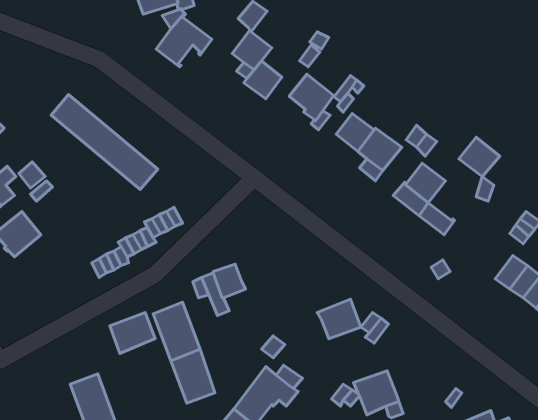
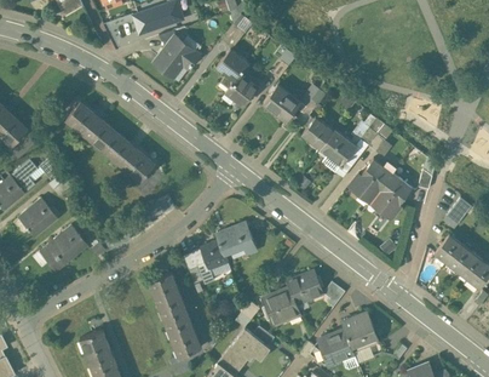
building: [459,137,500,176] -> [378,173,412,206]
building: none -> [215,224,255,256]
building: none -> [39,225,87,272]
building: [110,313,155,353] -> none
building: none -> [261,289,299,325]
building: none -> [341,313,379,353]

